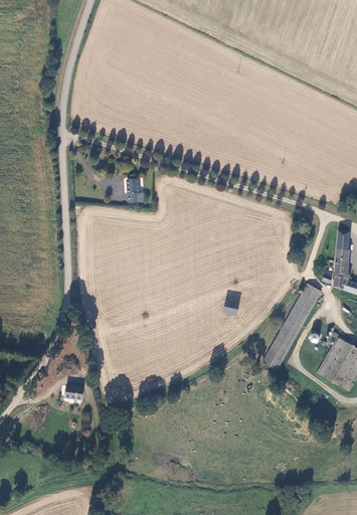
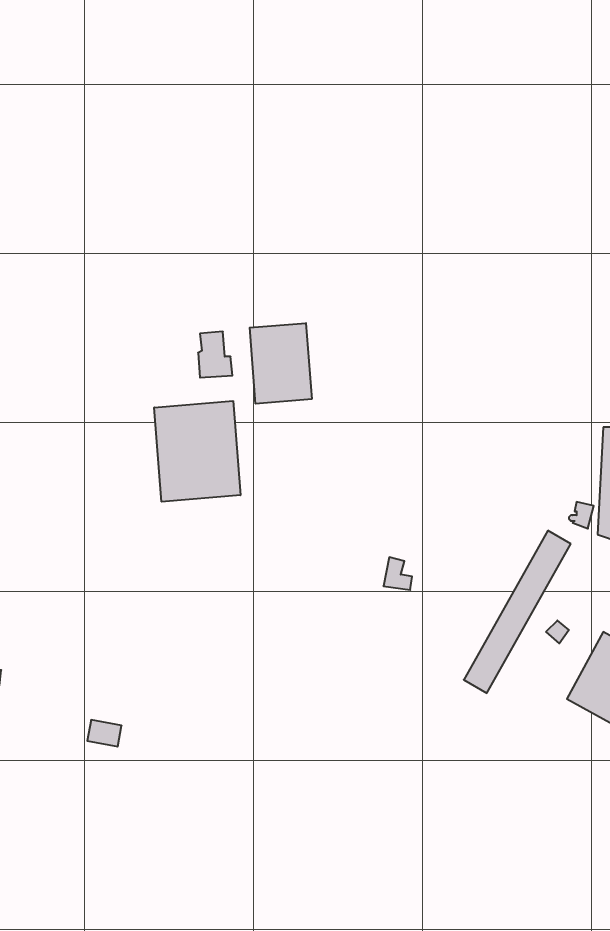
building: none -> [250,323,312,404]
building: none -> [154,401,240,502]

